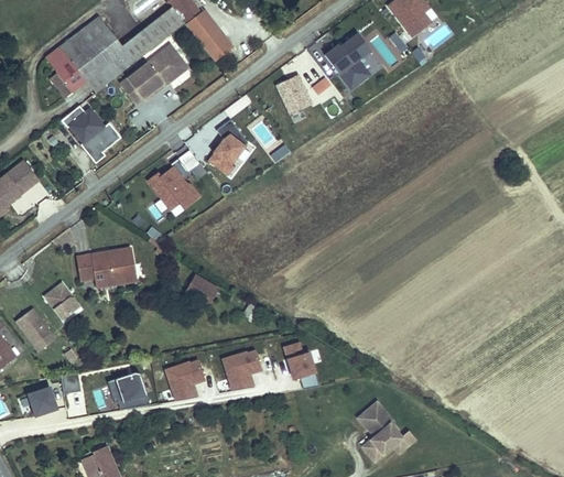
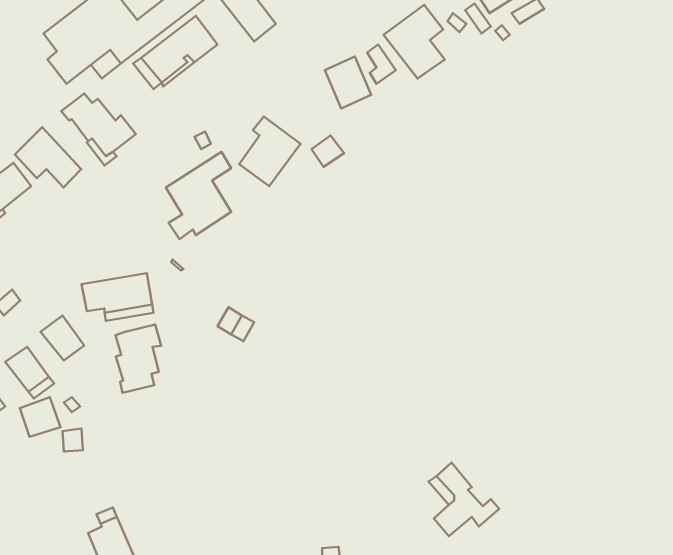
building: none -> [15,127,81,188]
building: none -> [115,324,161,393]
building: [281,343,317,389] -> none
building: [219,348,261,393] -> none
building: [163,359,204,403] -> none
building: [108,372,148,413] -> none
building: [24,387,57,419] -> [20,397,61,437]

